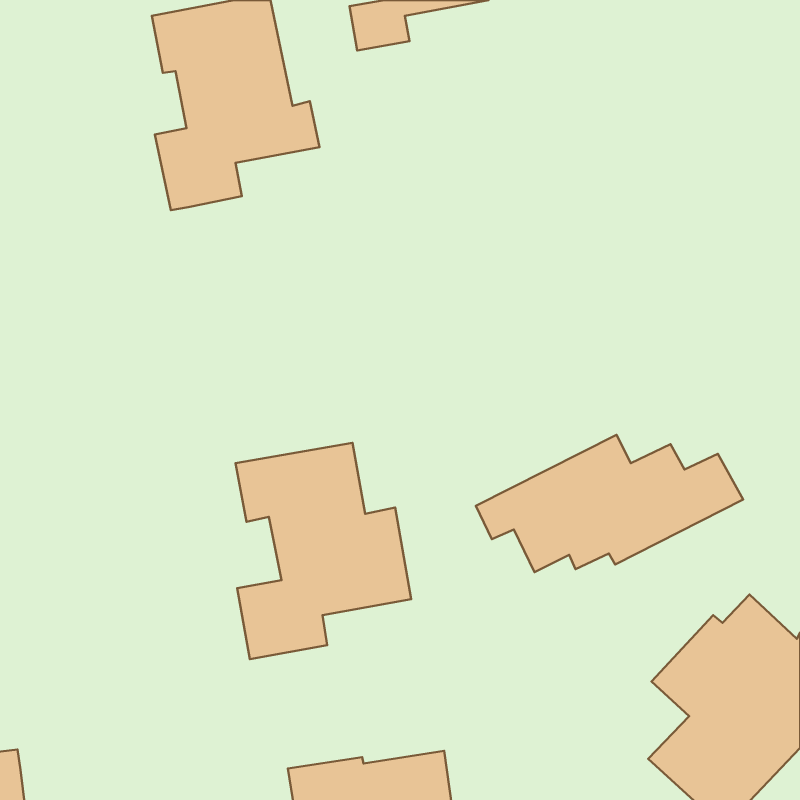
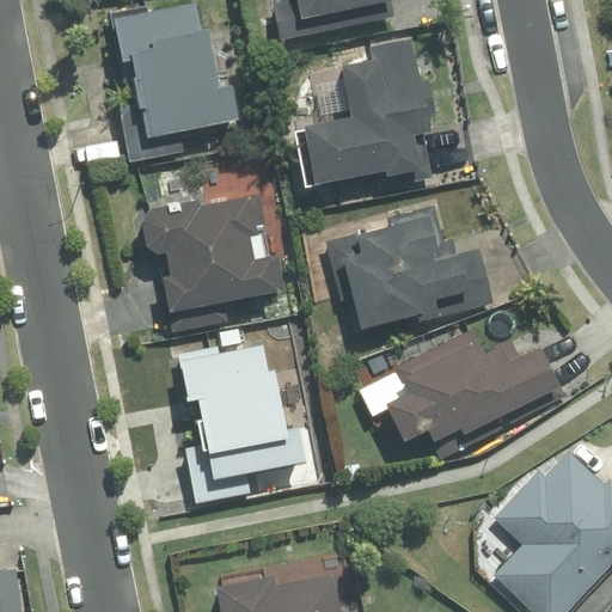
building: none -> [307,38,436,182]
building: none -> [137,195,282,311]
building: none -> [322,214,491,325]

